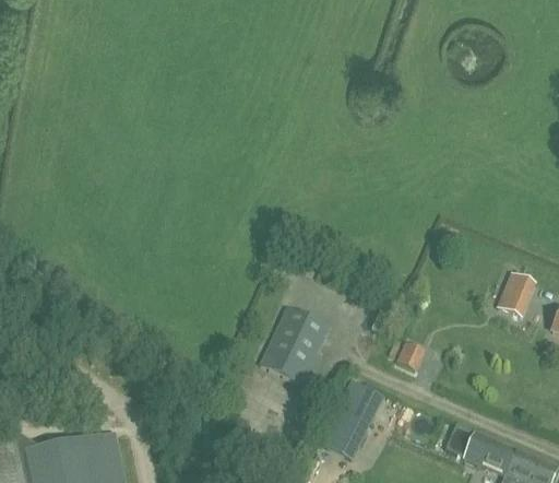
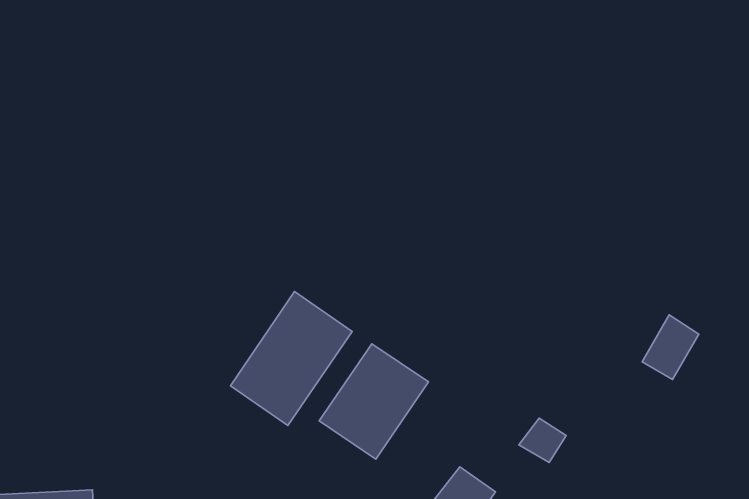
building: [499,273,534,316] -> [642,315,699,379]
building: none -> [230,292,352,426]

